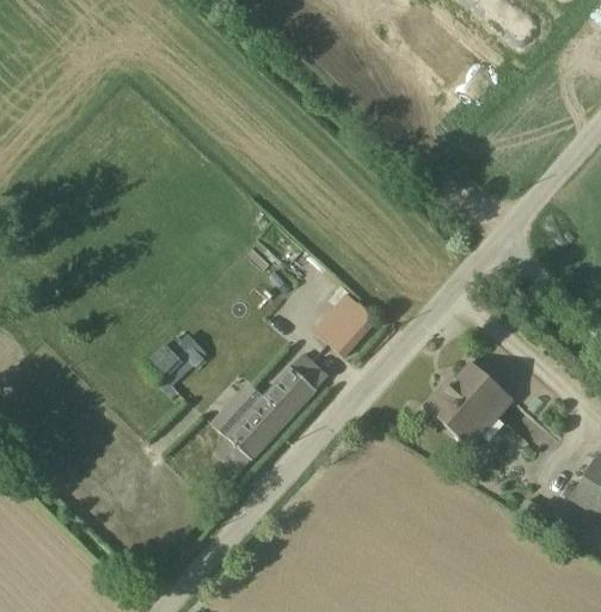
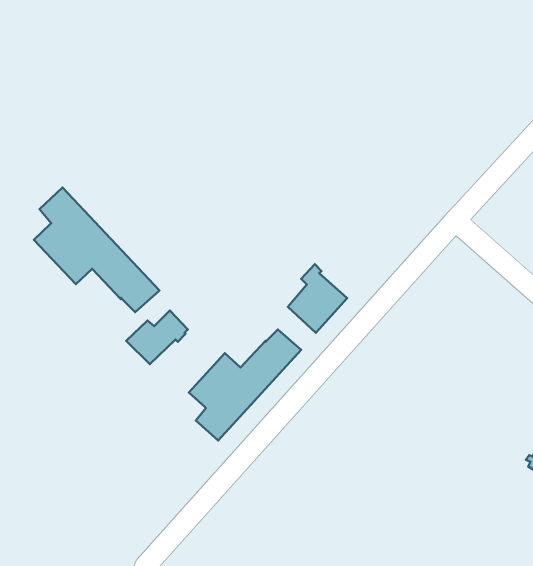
building: none -> [34,188,160,312]
building: [427,361,516,448] -> none

